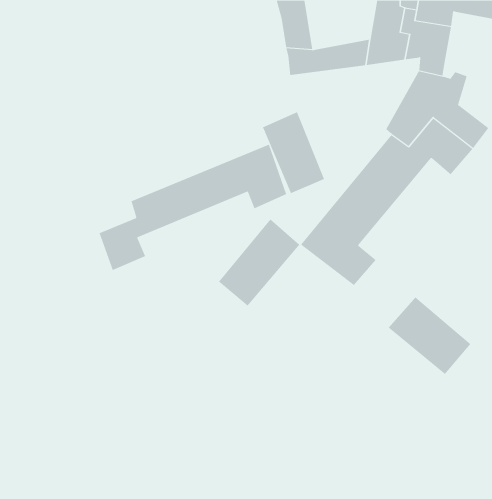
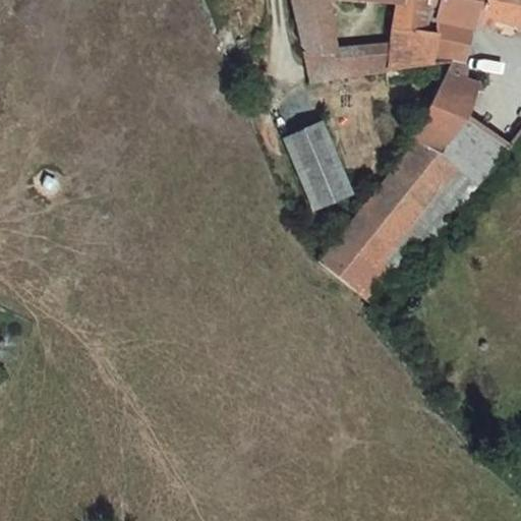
building: [99,144,287,271] -> none
building: [218,218,300,307] -> none
building: [388,296,471,375] -> none

